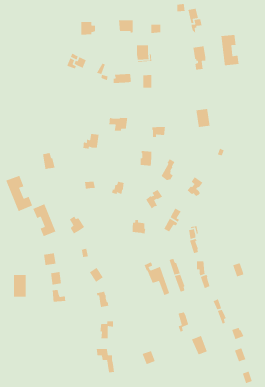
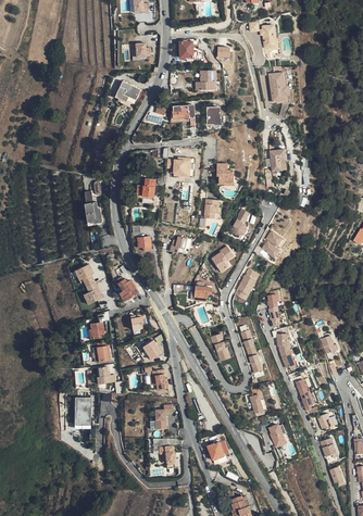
building: [221,34,239,66] -> none
building: [5,175,33,212] -> none
building: [13,274,27,298] -> [75,397,91,425]

